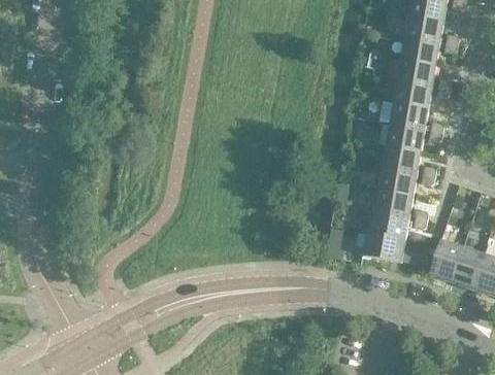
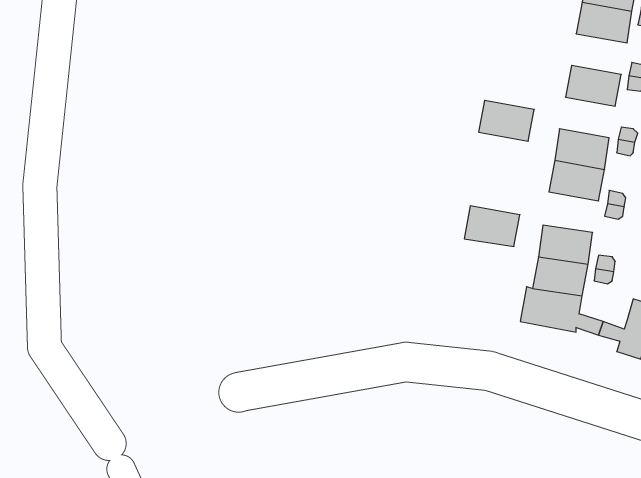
building: [396,58,434,86] -> none
building: [388,101,426,129] -> [479,100,534,141]
building: [376,166,415,194] -> [464,206,520,246]

